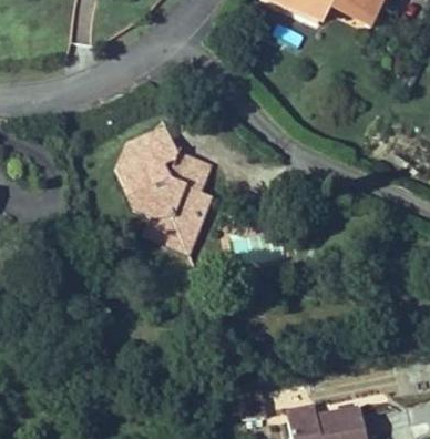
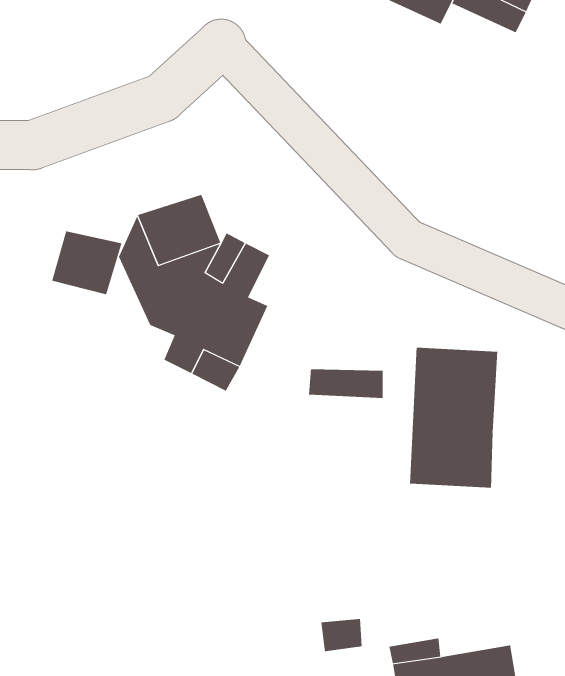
building: none -> [51,231,122,295]
building: none -> [410,347,498,488]

